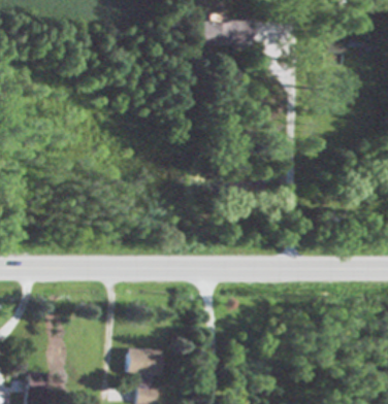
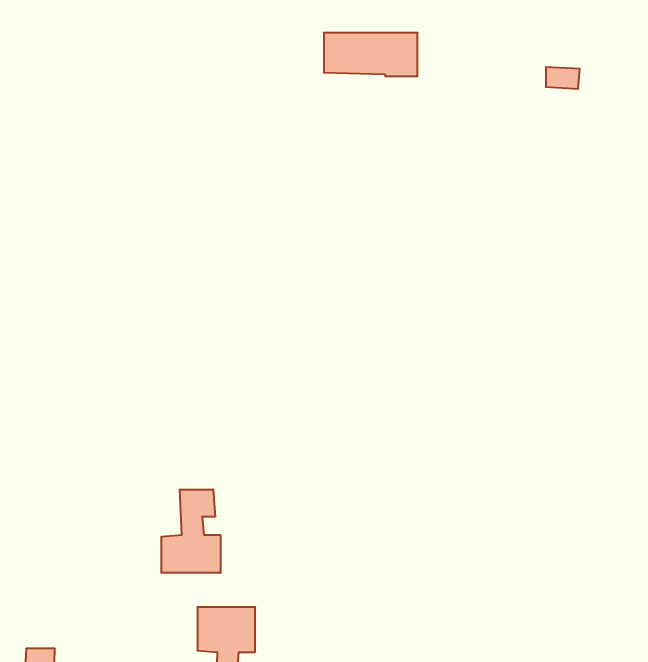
building: none -> [161,489,221,573]

